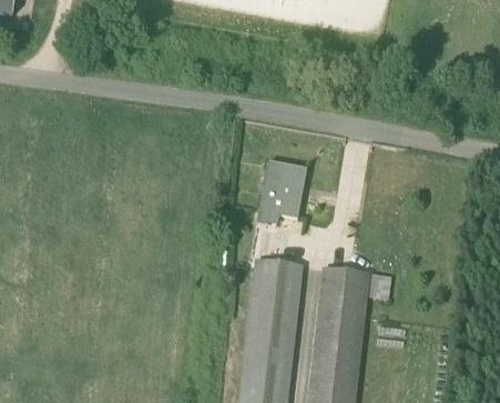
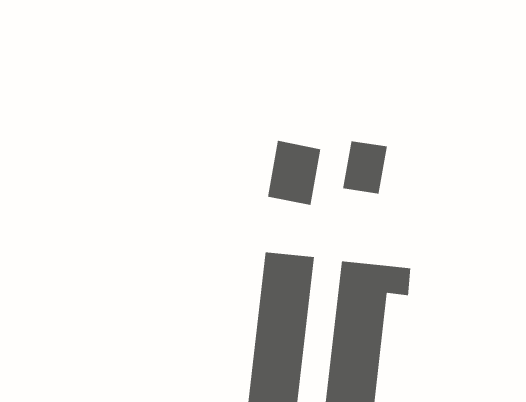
building: none -> [343,140,387,195]

